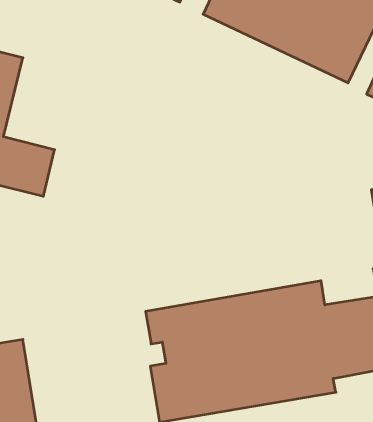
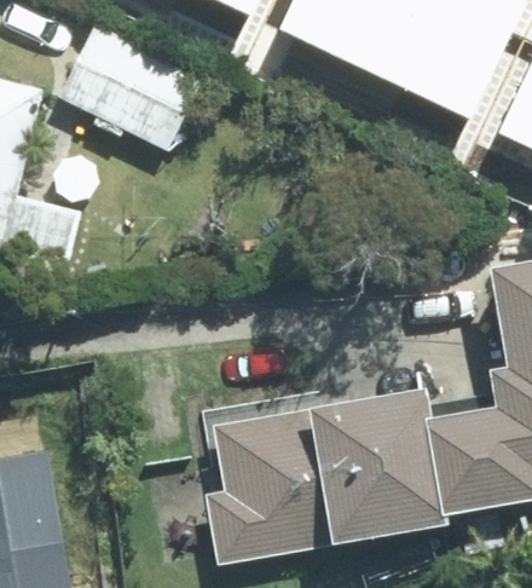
building: none -> [64,23,206,146]

